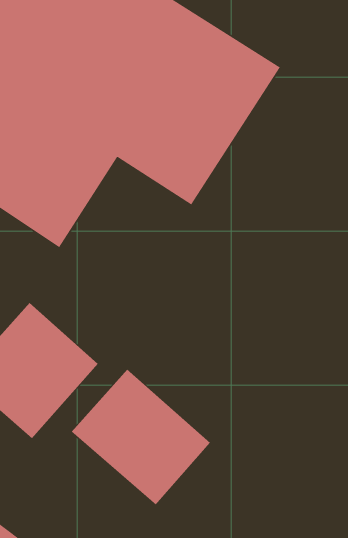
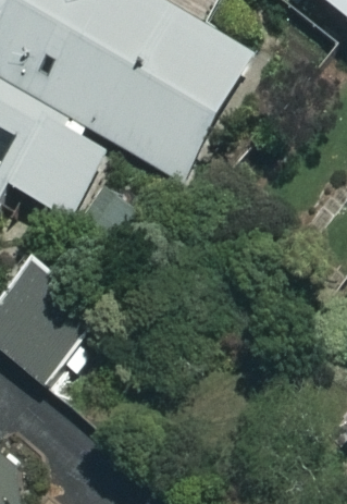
building: [71,369,211,506] -> none

